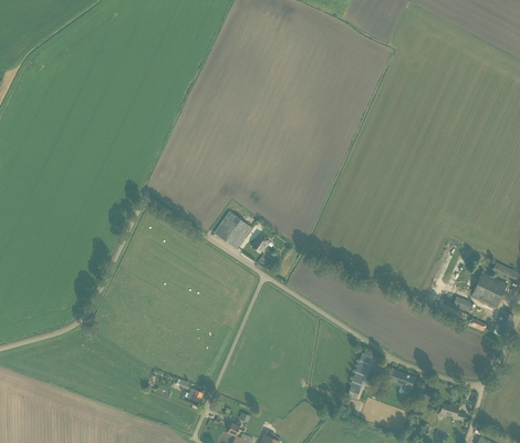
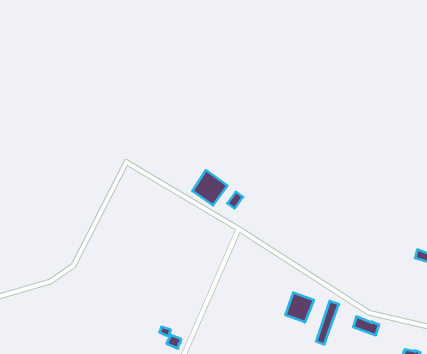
building: none -> [286,293,314,322]

